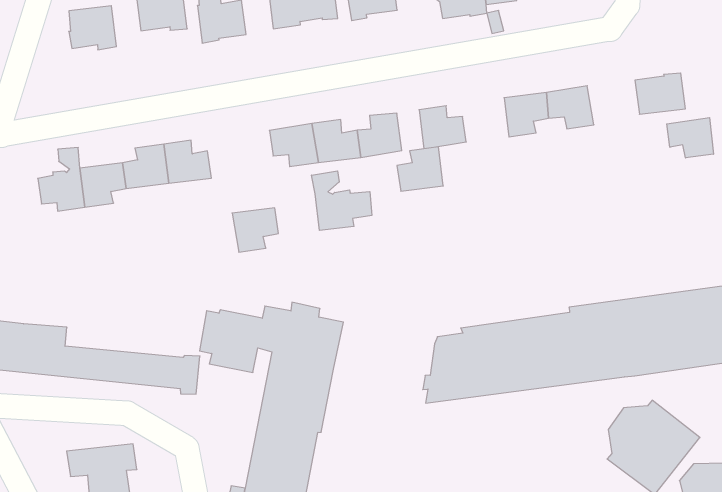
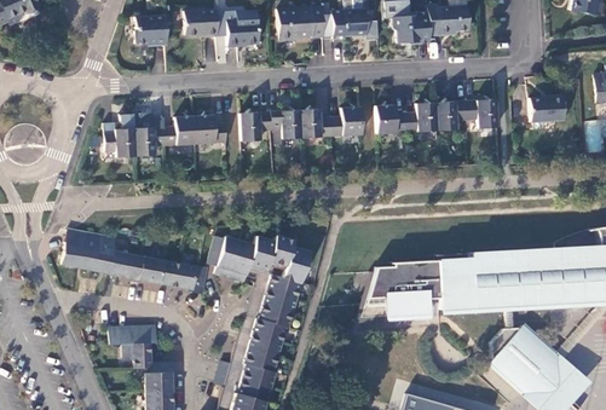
building: [667,118,713,158] -> none
building: [397,147,443,191] -> [406,103,438,132]
building: [312,171,372,230] -> none
building: [232,208,278,252] -> [239,112,271,142]

